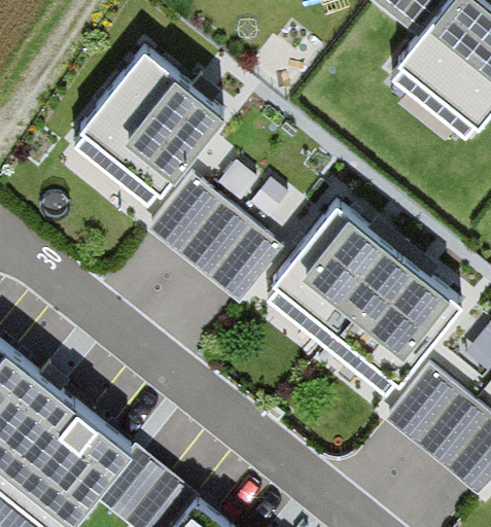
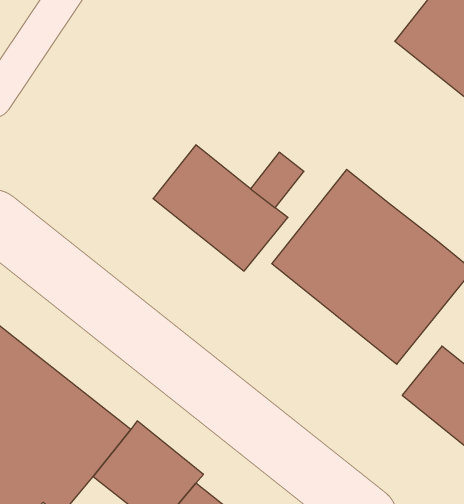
building: [72,48,226,206] -> none

